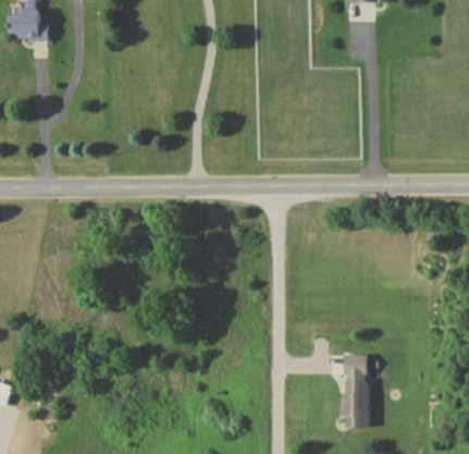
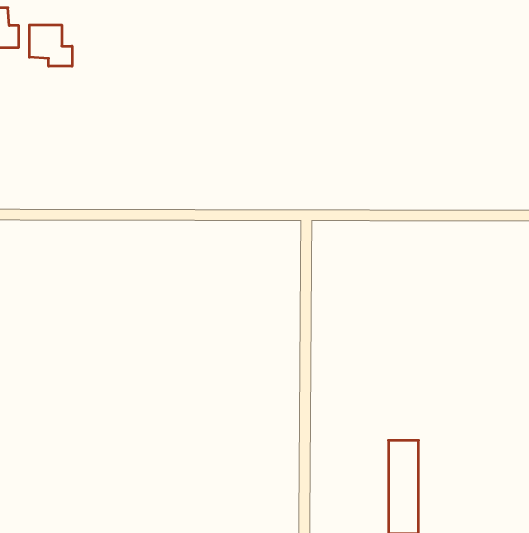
building: none -> [29,25,72,66]

